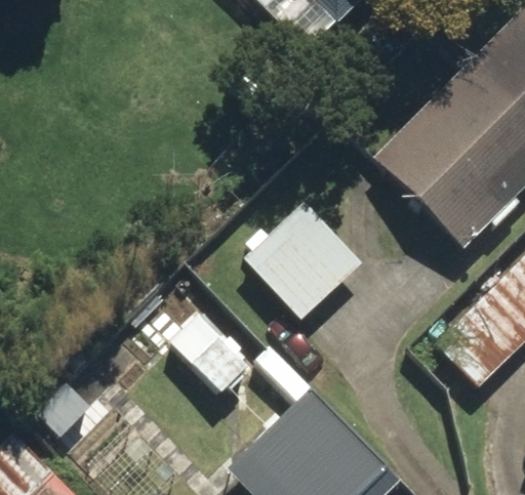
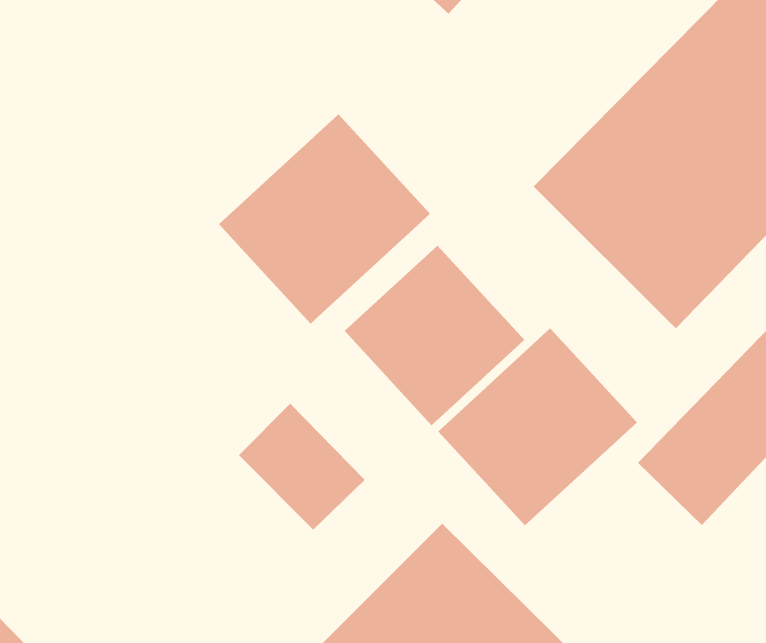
building: none -> [218,113,431,324]
building: none -> [437,328,638,526]

